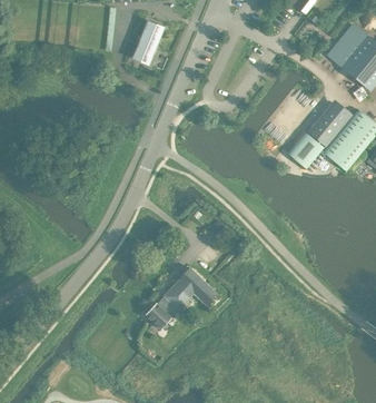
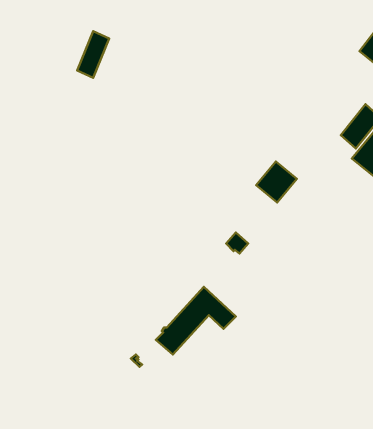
building: [132,21,161,63] -> [77,31,109,78]
building: [286,131,323,168] -> [256,162,297,202]

